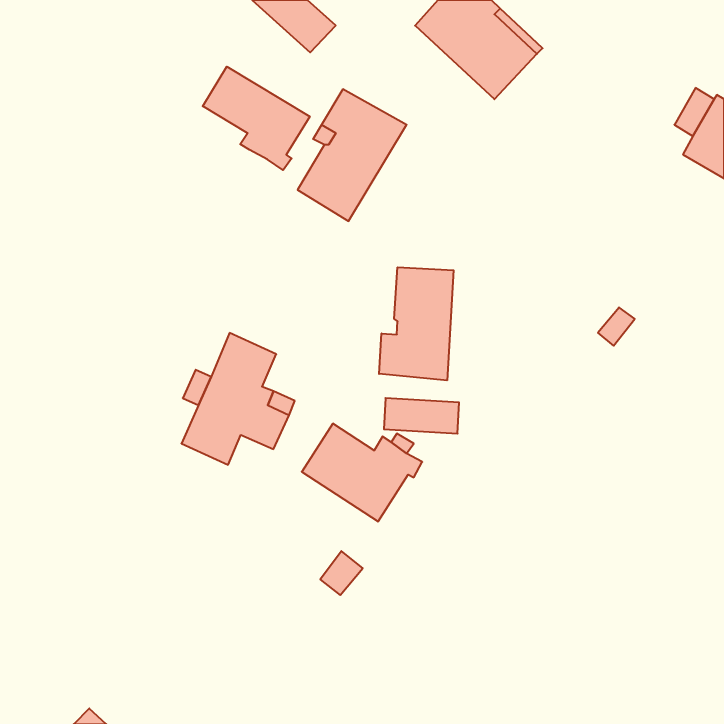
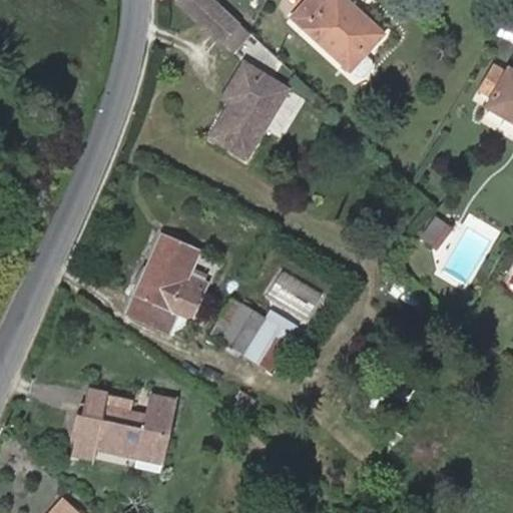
building: [203,67,310,170] -> none
building: [379,267,454,380] -> none
building: none -> [72,390,177,461]

